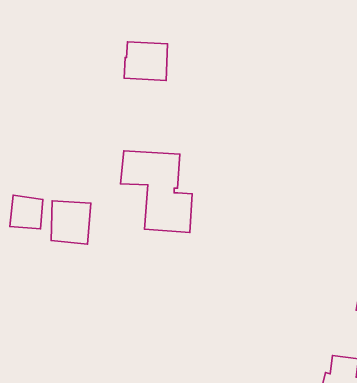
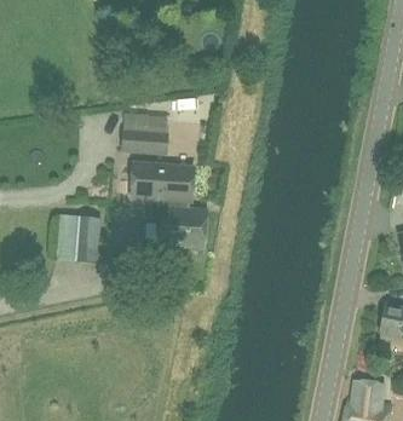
building: [124,42,167,80] -> [121,111,167,152]
building: [10,195,43,229] -> none

